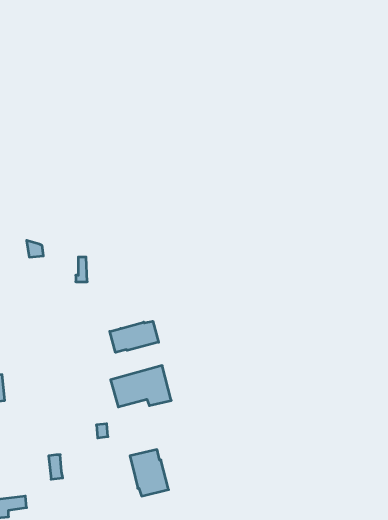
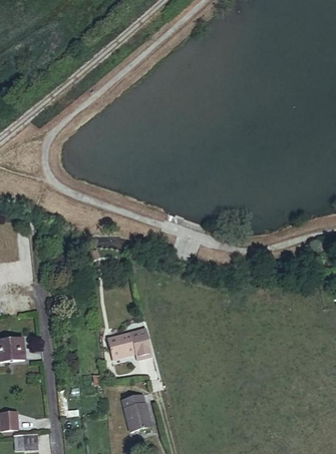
building: [110,321,159,352] -> none

